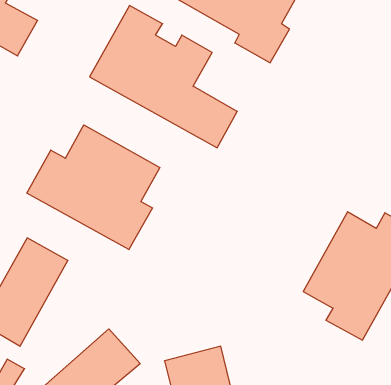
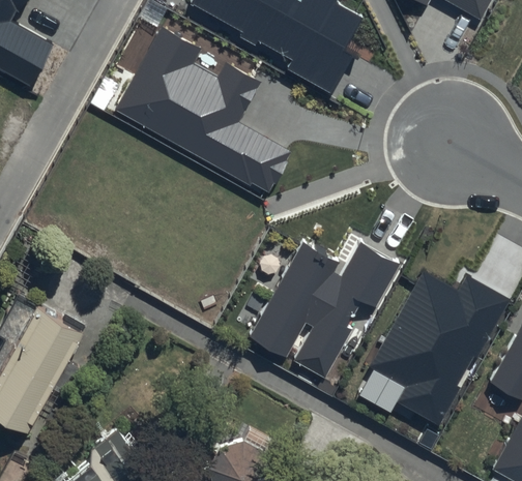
building: [27,125,160,250] -> none
building: none -> [248,240,401,377]

